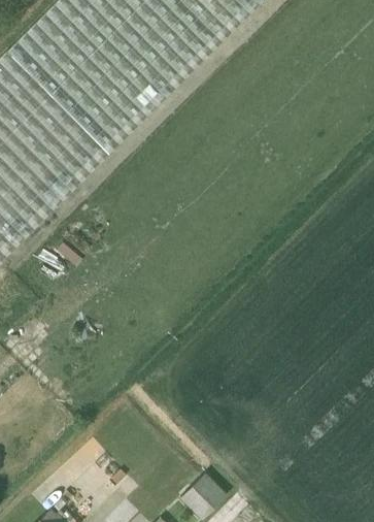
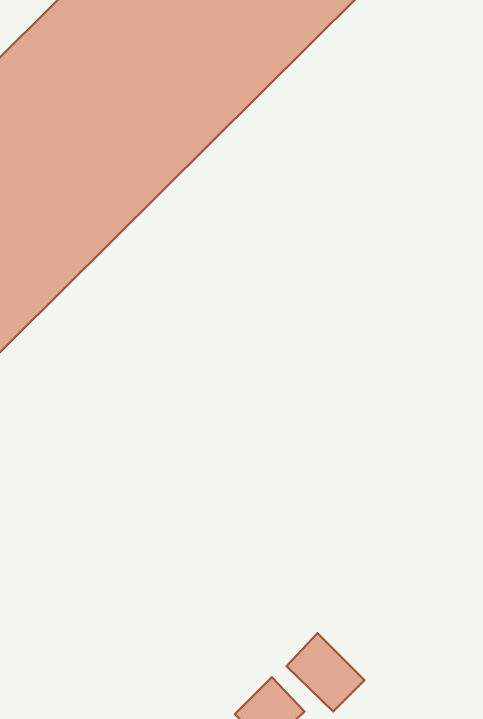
building: none -> [286,633,365,711]

